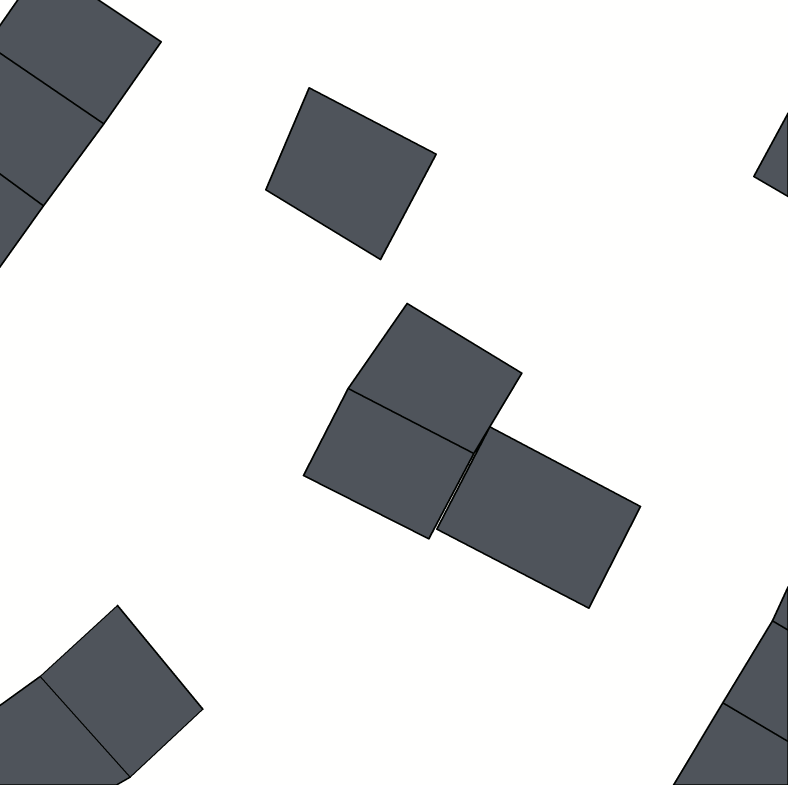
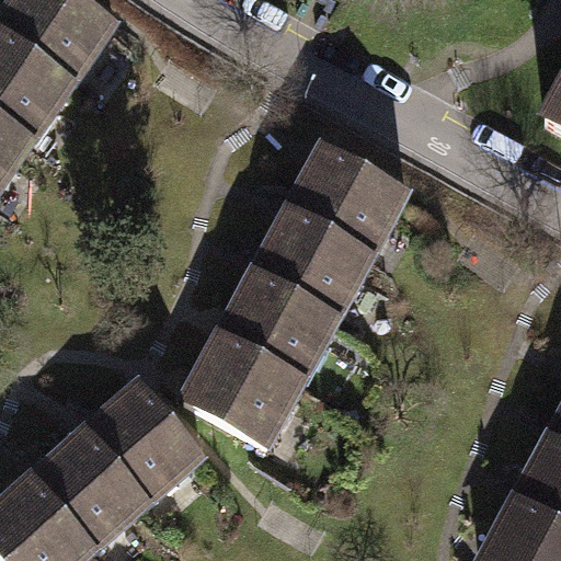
building: [266,88,436,260] -> [288,142,409,264]
building: [437,427,641,608] -> none
building: none -> [183,336,304,443]
building: none -> [83,379,204,502]

